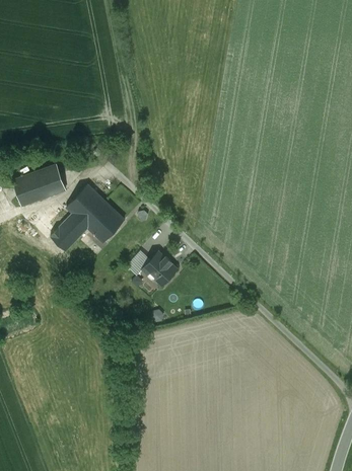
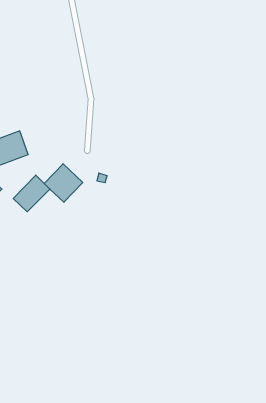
building: [66,184,102,221] -> none
building: [142,251,177,285] -> none

